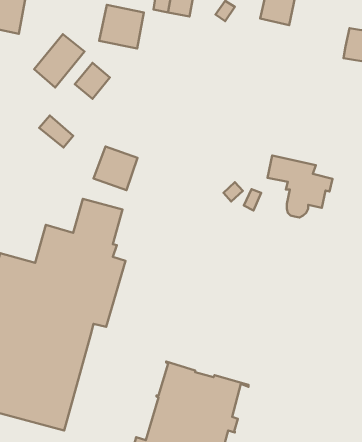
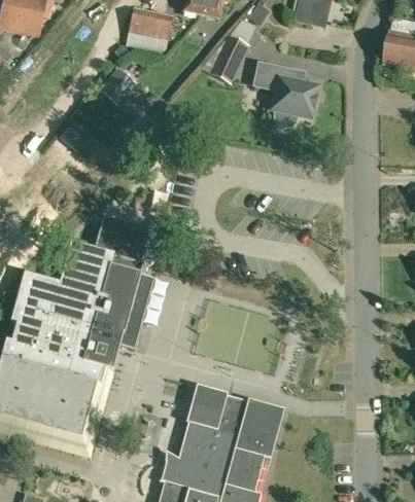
building: none -> [210,34,250,83]
building: [34,34,85,87] -> none
building: [94,146,138,190] -> none
building: [267,156,332,218] -> [254,61,323,127]

